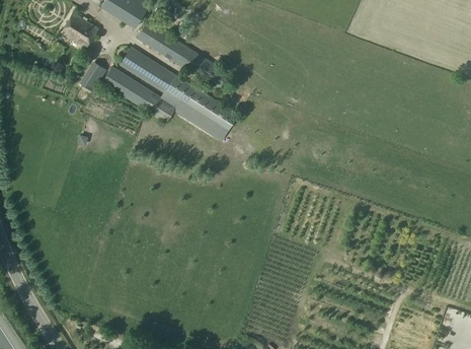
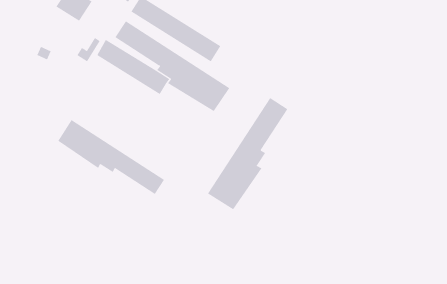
building: none -> [207,97,288,210]
building: none -> [57,119,165,195]

